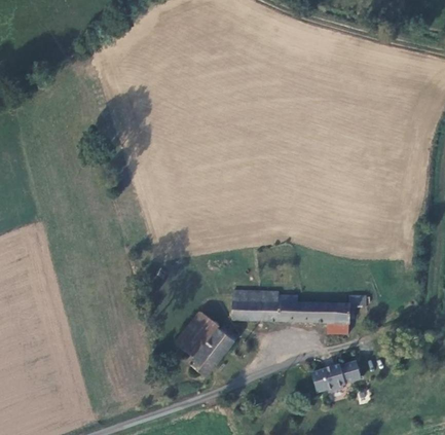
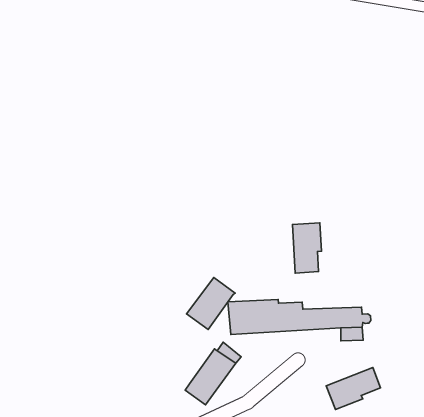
building: none -> [292,223,321,273]
building: [175,314,219,359] -> [187,277,235,330]

